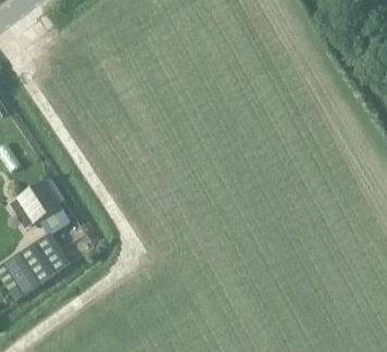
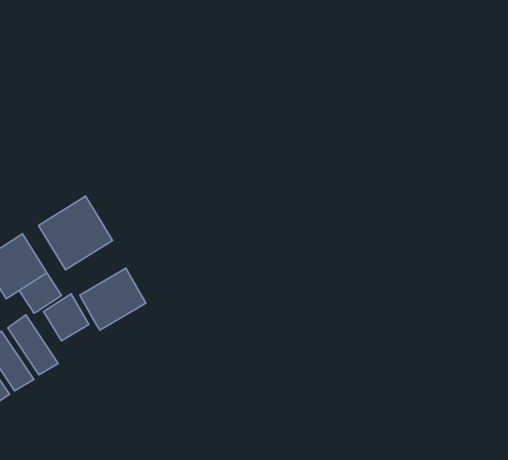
building: none -> [38,196,112,270]
building: none -> [80,268,146,330]

